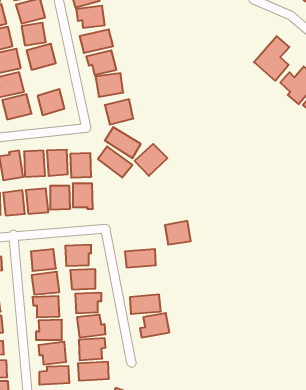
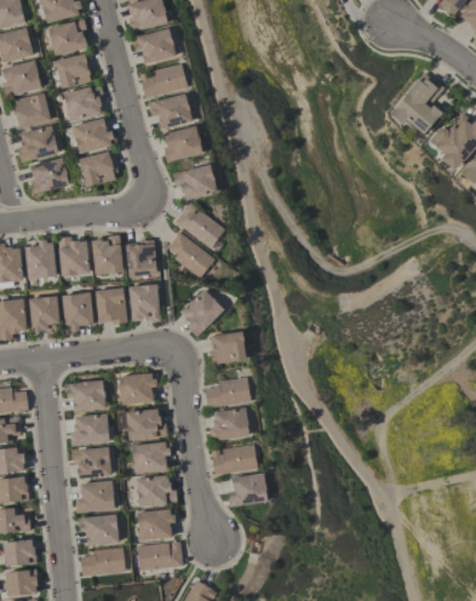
building: none -> [71,116,116,153]
building: [135,144,167,176] -> [178,288,225,334]
building: [165,221,191,245] -> [210,330,247,364]
building: none -> [211,407,250,440]

